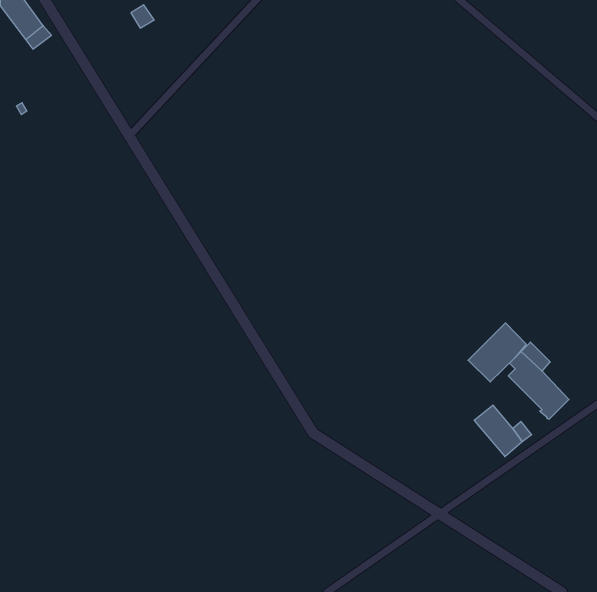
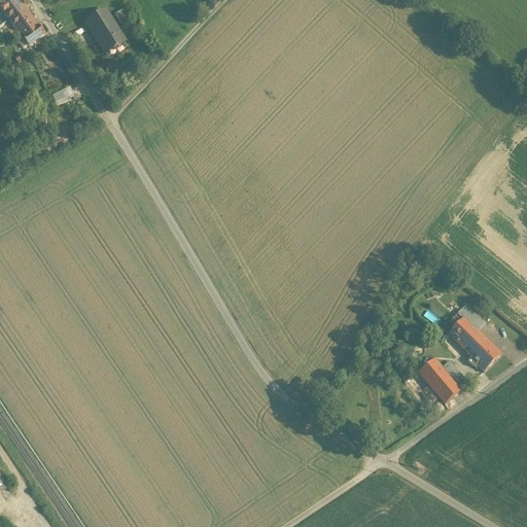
building: none -> [86,8,125,48]
building: [468,323,526,382] -> none

